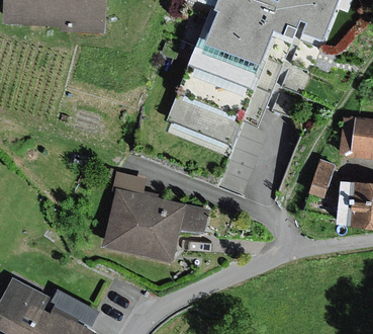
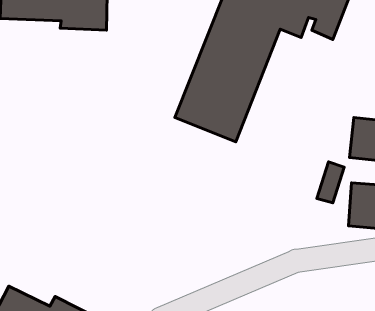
building: [102,173,208,262] -> none

